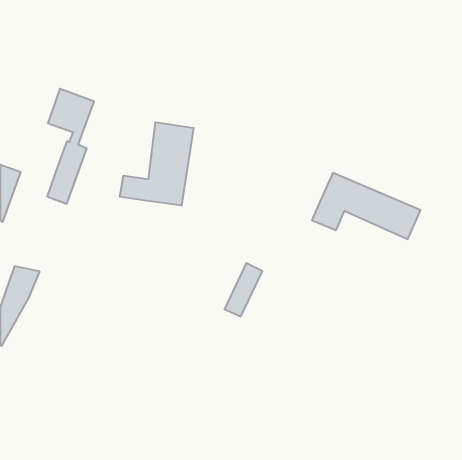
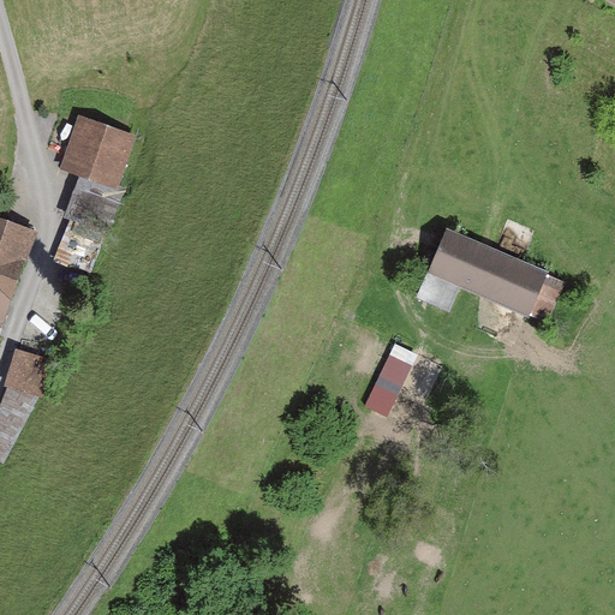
building: [120,122,193,206] -> none
building: [224,263,262,316] -> [366,341,417,412]

